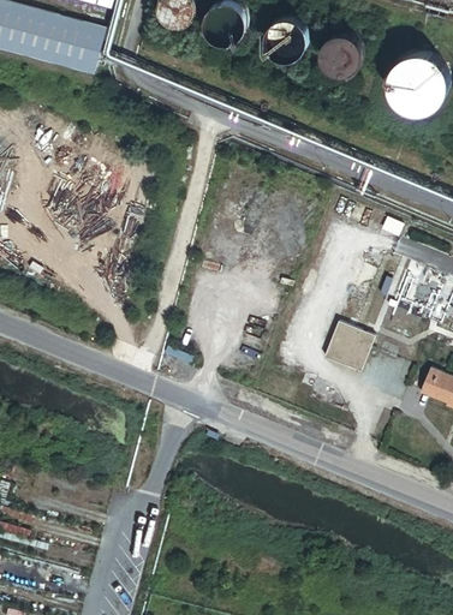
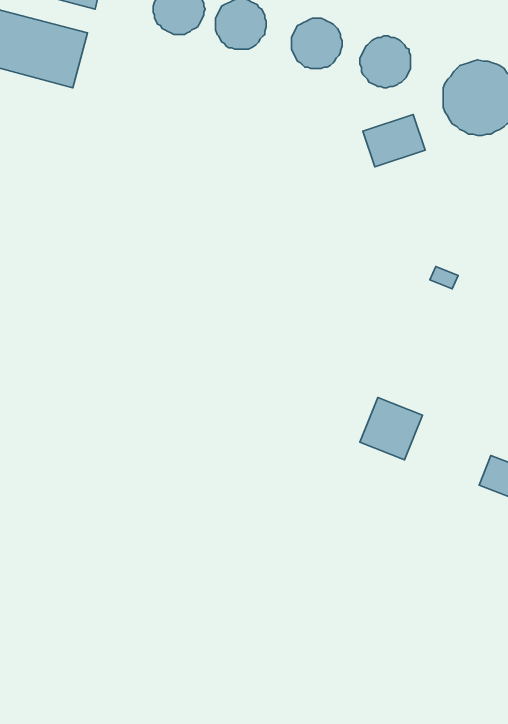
building: none -> [363,114,425,167]

